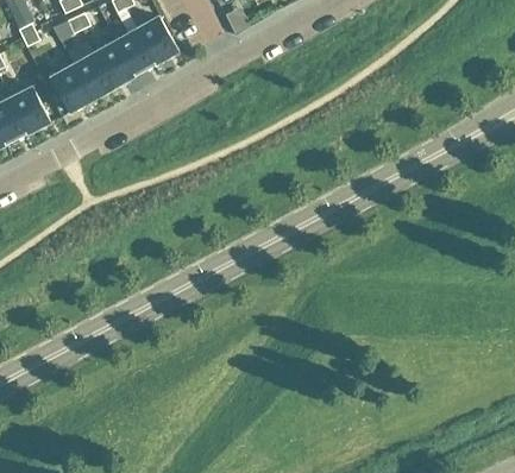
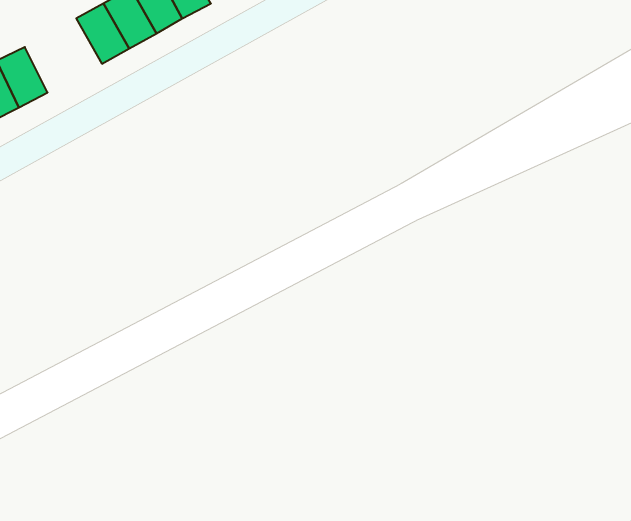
building: [51,64,93,113] -> none

